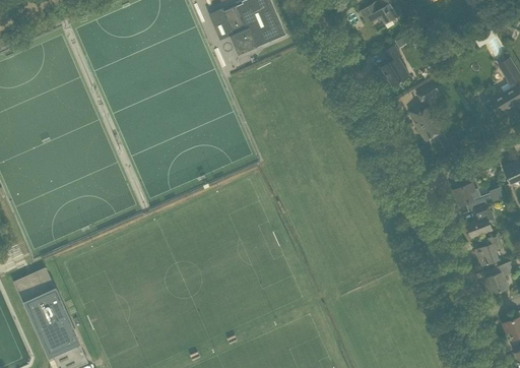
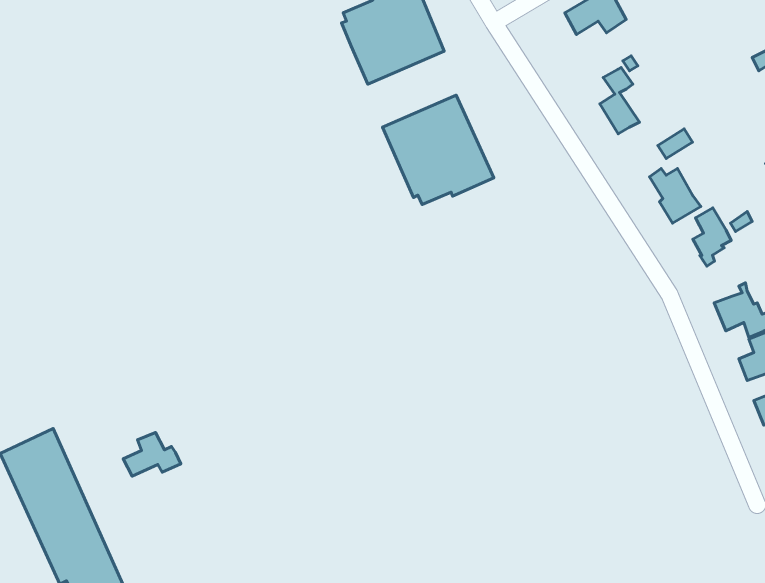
building: none -> [383,95,494,204]
building: none -> [693,208,731,266]
building: none -> [123,433,181,476]

